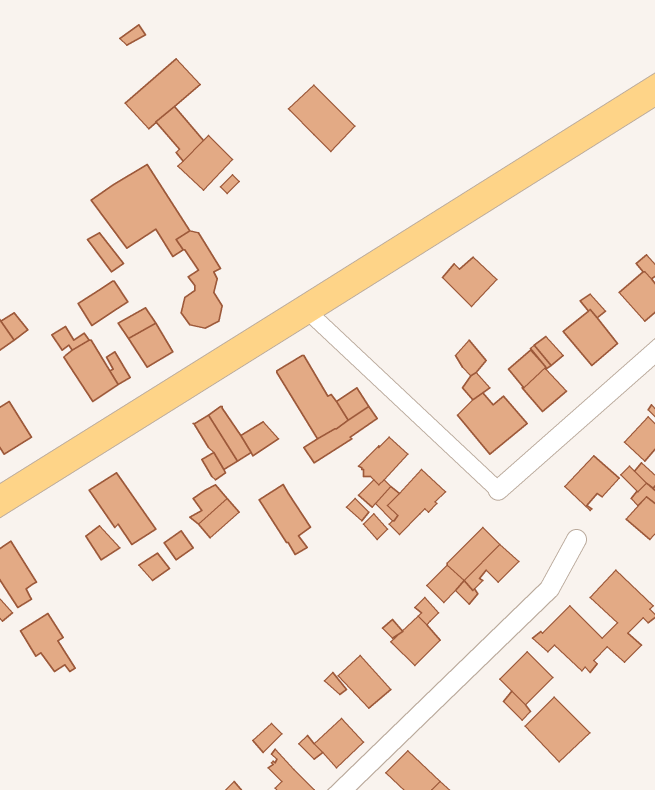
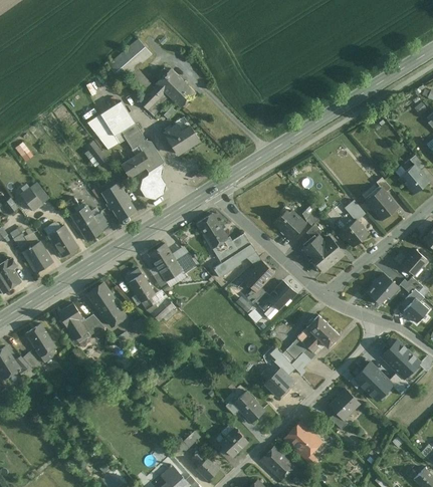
building: [288,85,355,152] -> [156,69,195,108]
building: none -> [163,125,199,155]
building: [442,257,497,307] -> [274,211,306,240]
building: [78,281,128,326] -> [122,152,151,178]
building: none -> [48,225,78,257]
building: [259,485,310,554] -> [125,268,155,309]
building: [20,614,75,672] -> [57,303,89,337]
building: [525,697,590,762] -> [284,421,322,459]

